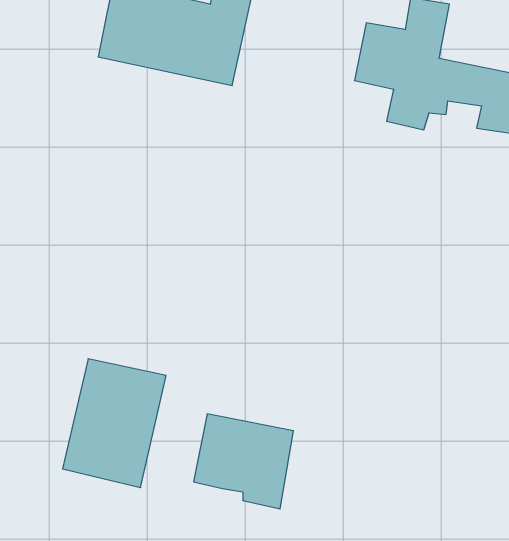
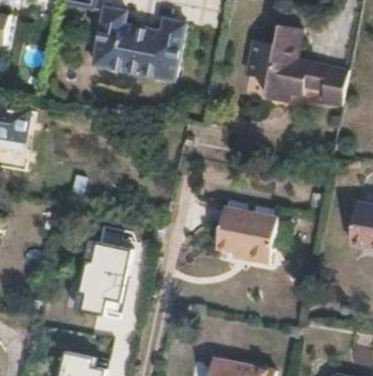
building: [194,414,294,509] -> [217,206,276,262]

